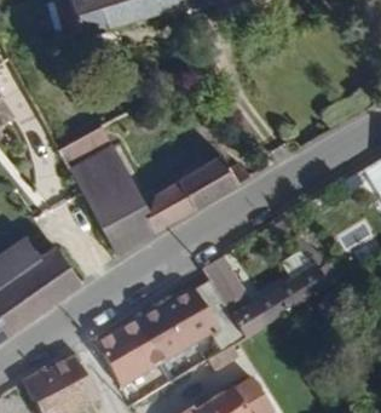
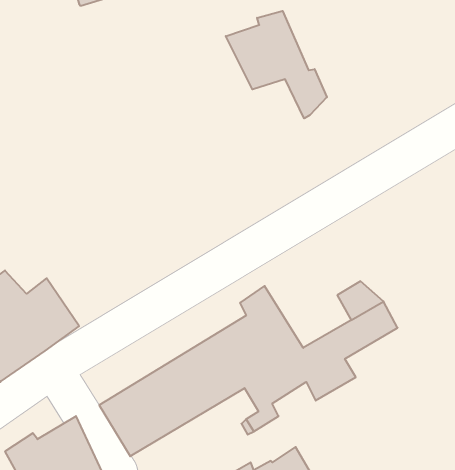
building: none -> [226,11,327,118]
building: [58,124,250,252] -> none

